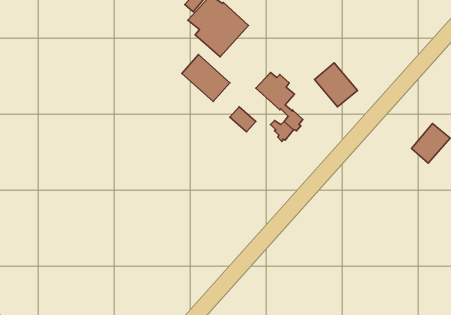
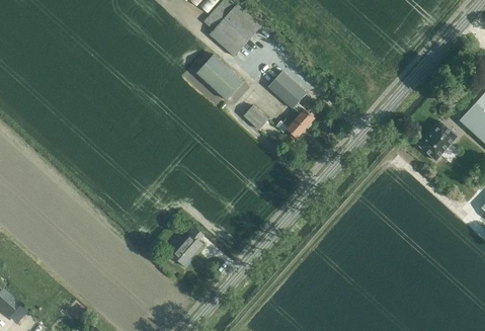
building: [314,63,357,107] -> none
building: none -> [172,226,204,265]

